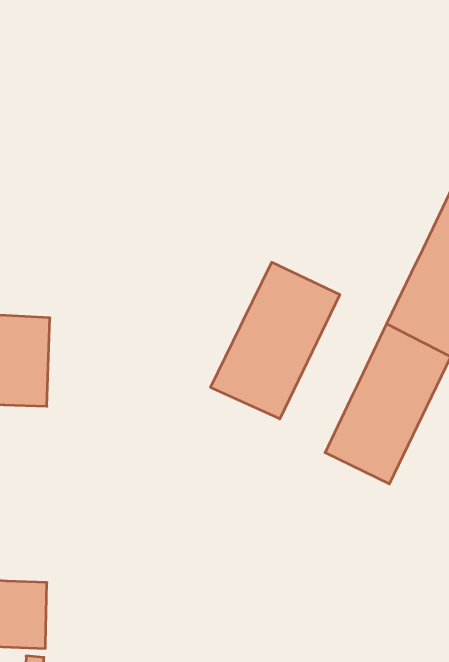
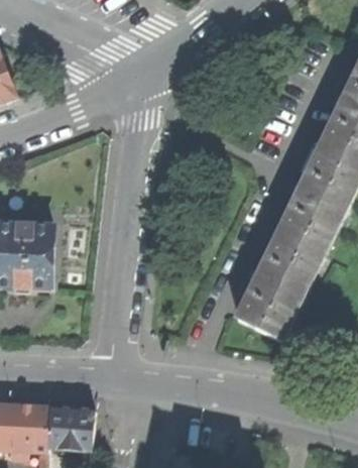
building: [211,262,340,419] -> none
building: none -> [51,404,97,448]

